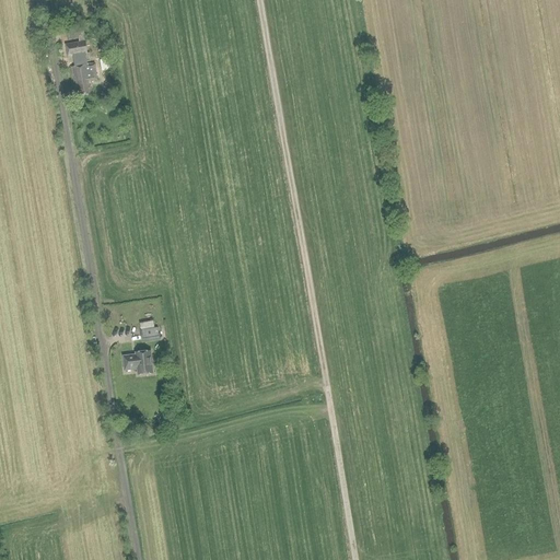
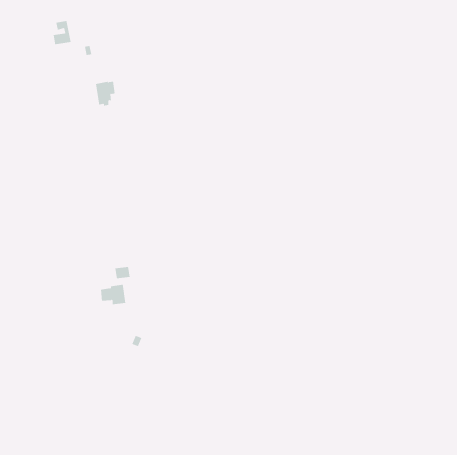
building: [71,62,96,93] -> [95,81,116,106]

